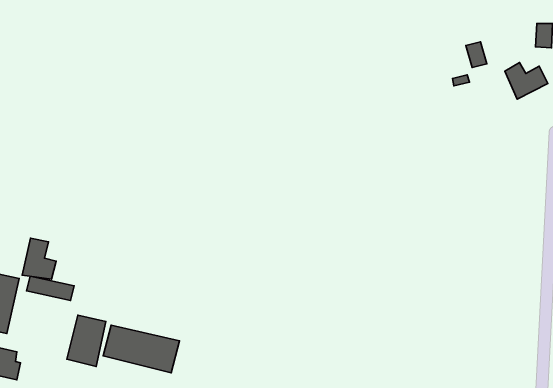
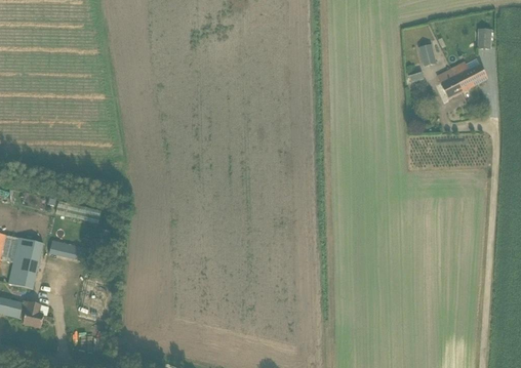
building: none -> [436,68,460,98]
building: [22,238,56,279] -> none
building: [103,325,180,373] -> none

